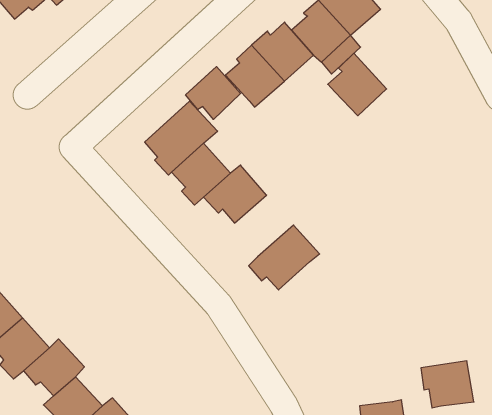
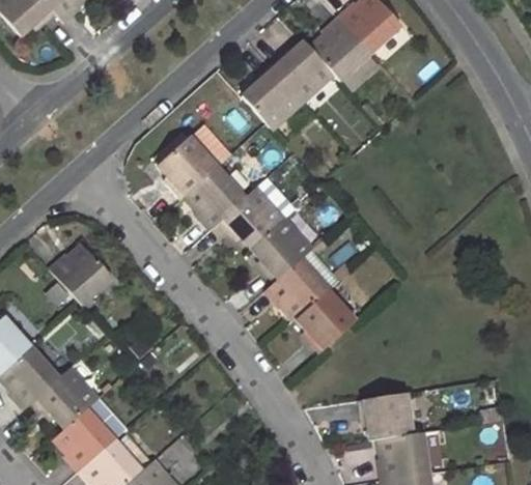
building: [328,53,387,116] -> none
building: [186,67,241,119] -> none
building: none -> [250,219,311,283]
building: none -> [47,243,111,305]
building: none -> [296,288,356,352]
building: [421,361,474,408] -> [359,391,414,439]

